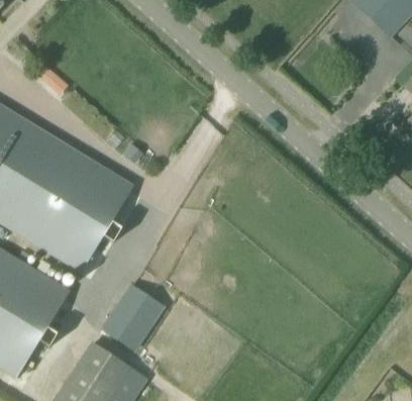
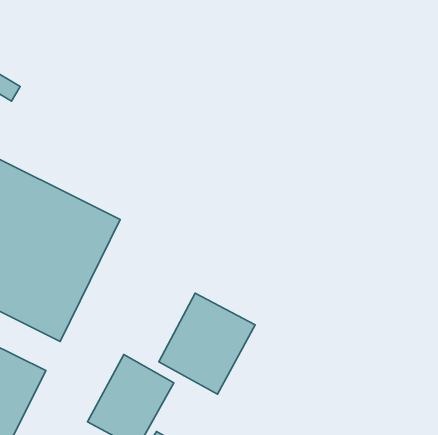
building: none -> [159,293,255,394]

